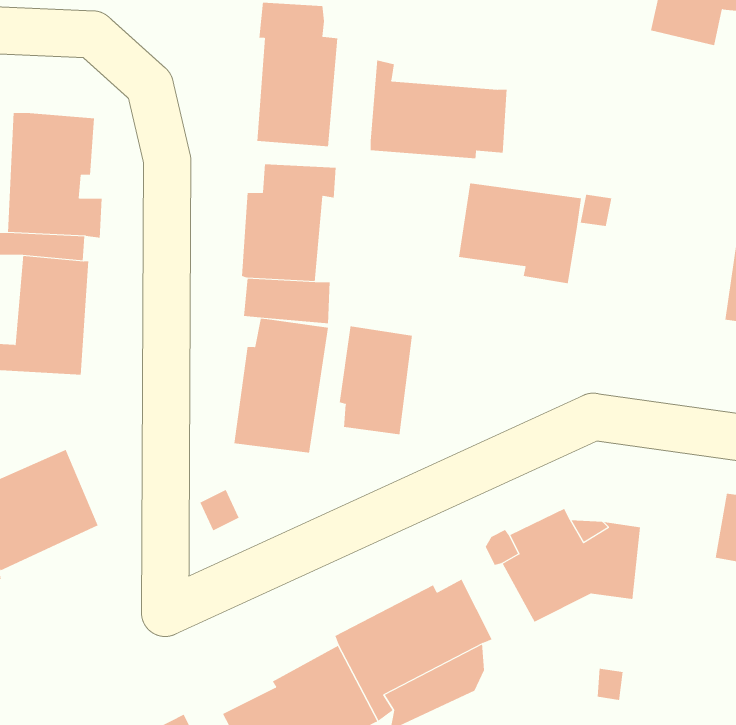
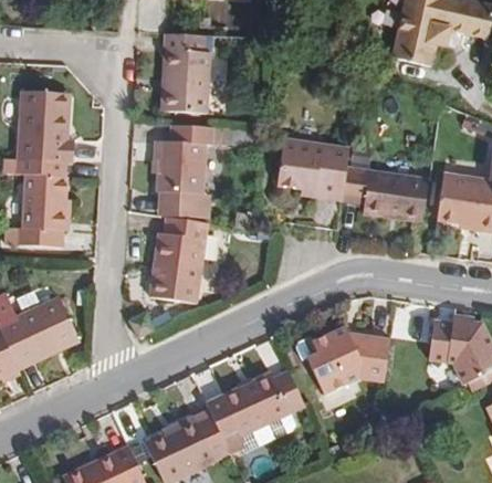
building: [370,60,507,159] -> none
building: none -> [346,164,429,218]
building: [339,326,412,435] -> none

